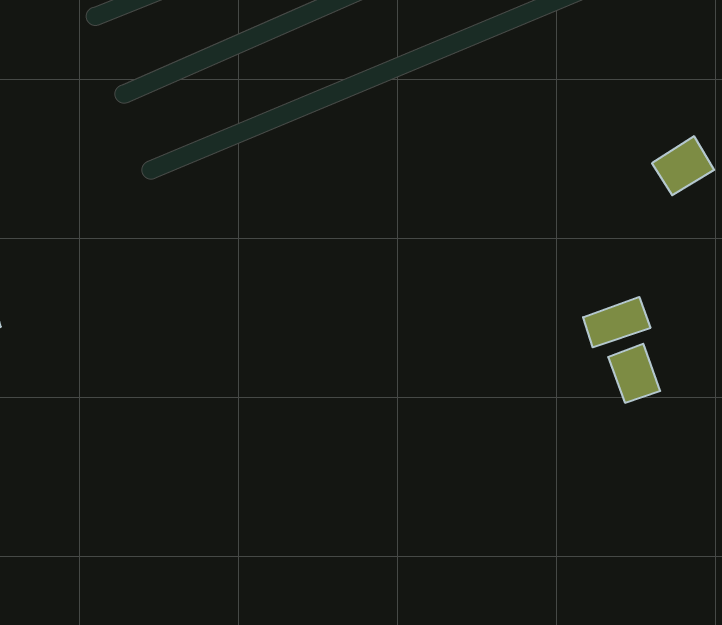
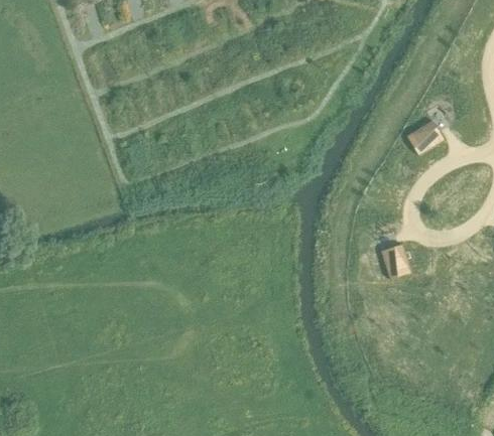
building: [583,297,650,347] -> none

